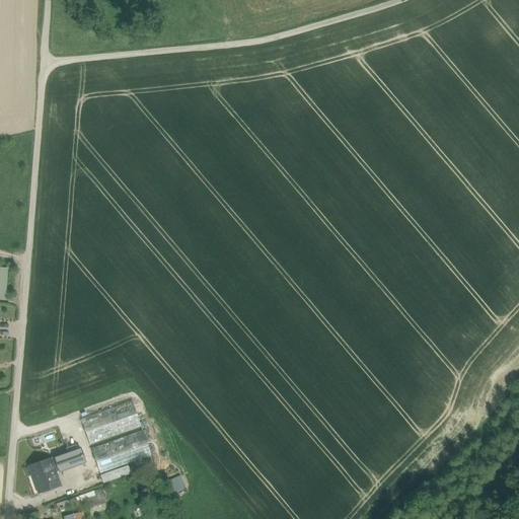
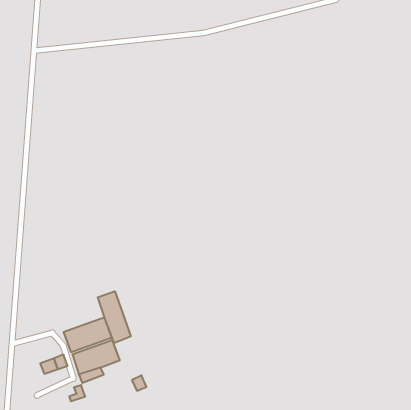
building: none -> [98,291,131,343]
building: [28,458,60,492] -> none

